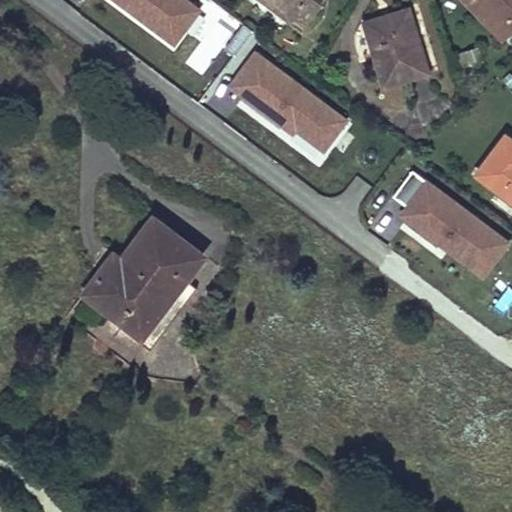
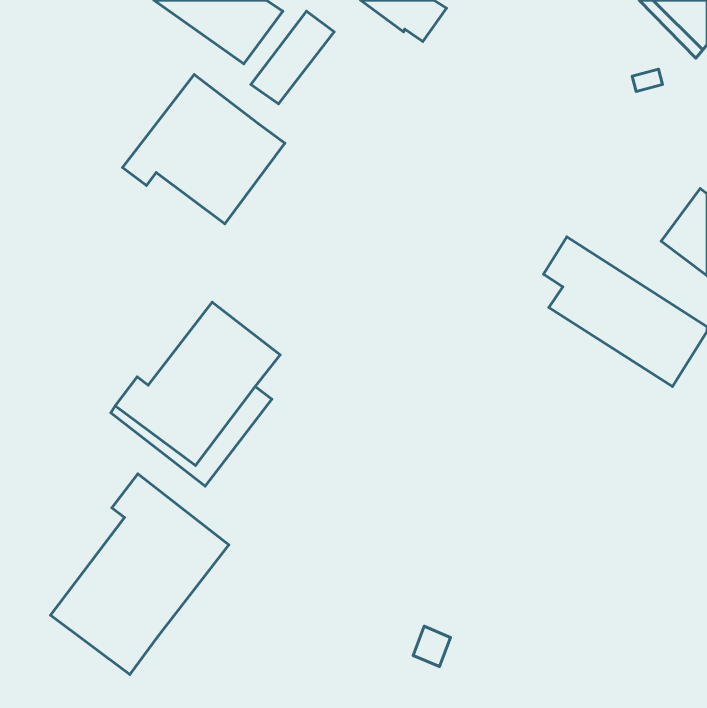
building: [362,9,426,86] -> none
building: [225,48,351,157] -> none
building: none -> [123,75,285,224]
building: none -> [50,474,229,675]

